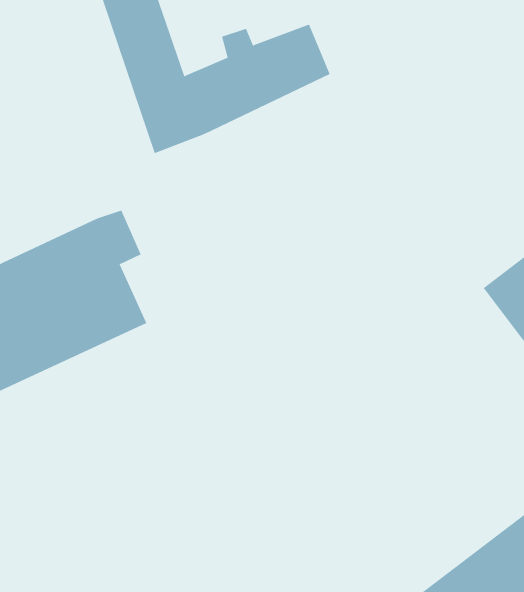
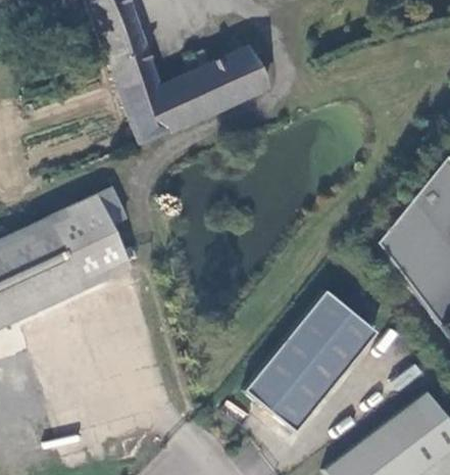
building: none -> [245,289,378,432]

